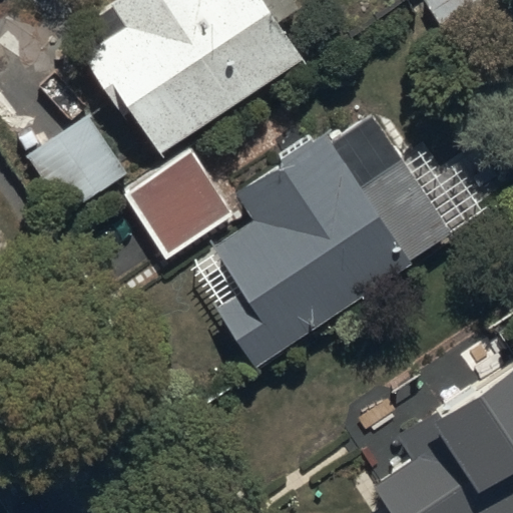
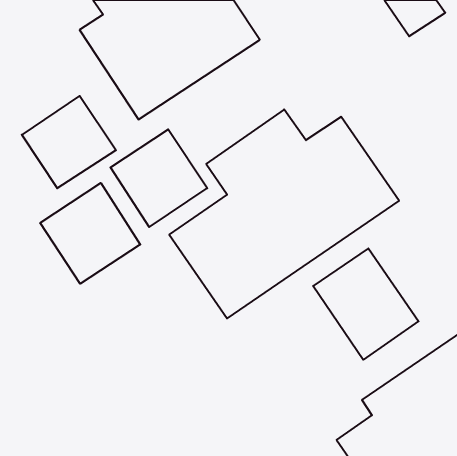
building: none -> [40,183,140,284]
building: none -> [313,248,419,360]

